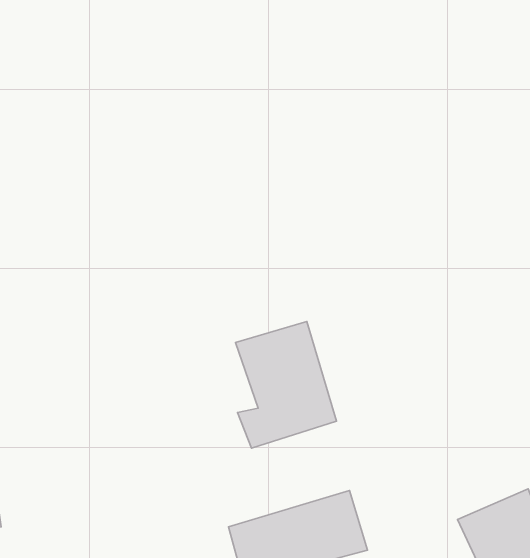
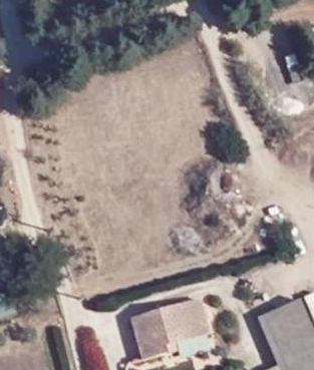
building: [236,322,337,448] -> none

